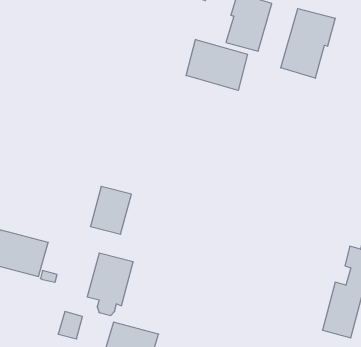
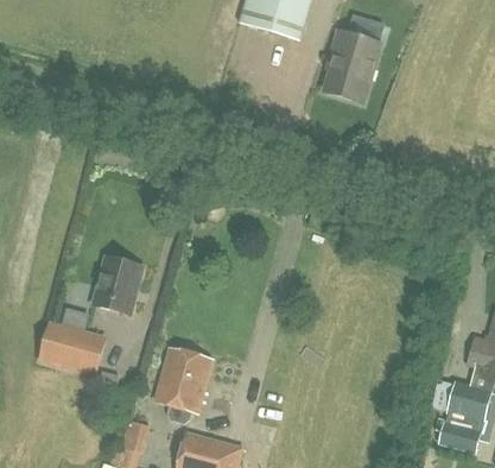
building: [281,9,335,78] -> none
building: [186,39,247,90] -> none
building: [90,186,131,234] -> [93,254,142,312]

